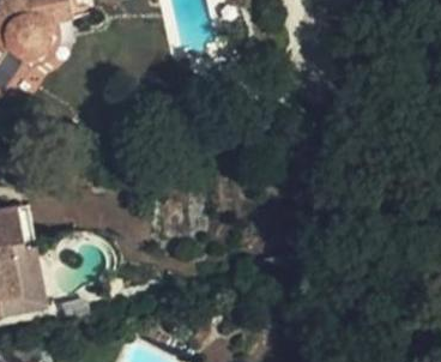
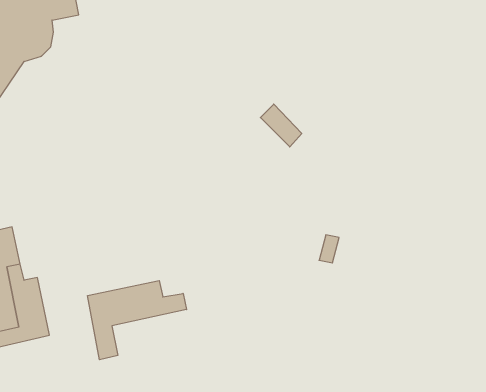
building: none -> [88,281,187,360]

